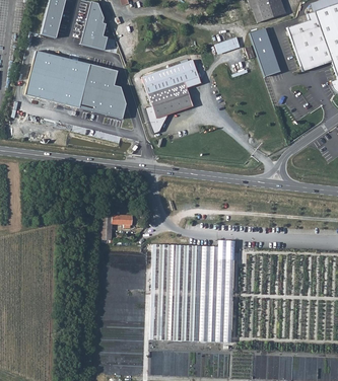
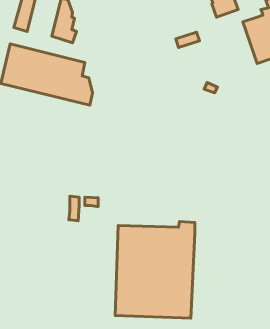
building: [251,28,281,77] -> none
building: [140,55,201,119] -> none

